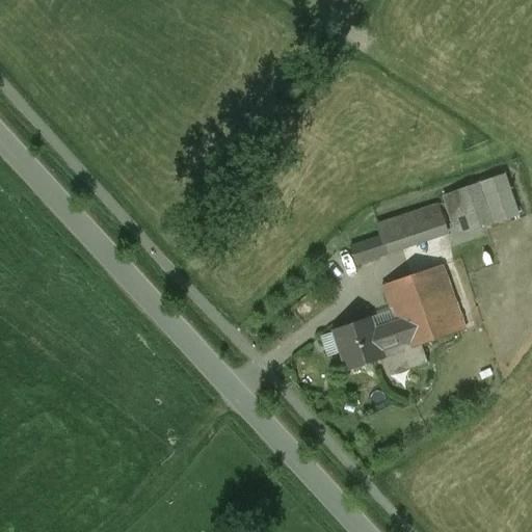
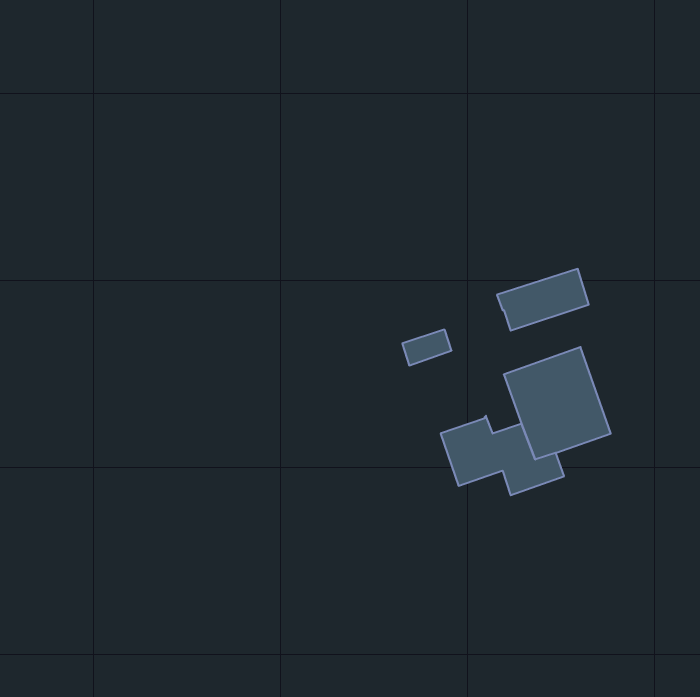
building: [455,174,516,230] -> none
building: [350,235,388,262] -> [402,330,452,365]

